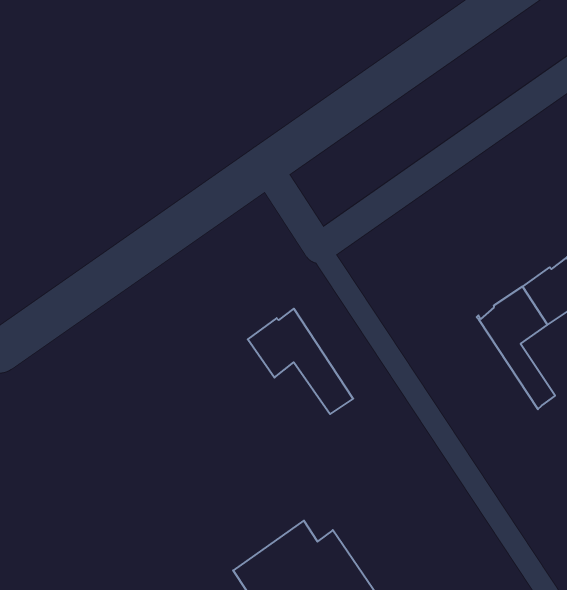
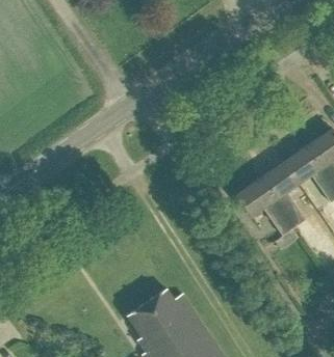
building: [248,309,353,414] -> [236,178,293,236]

